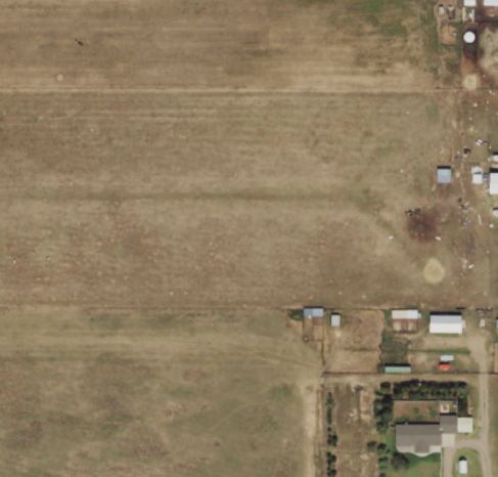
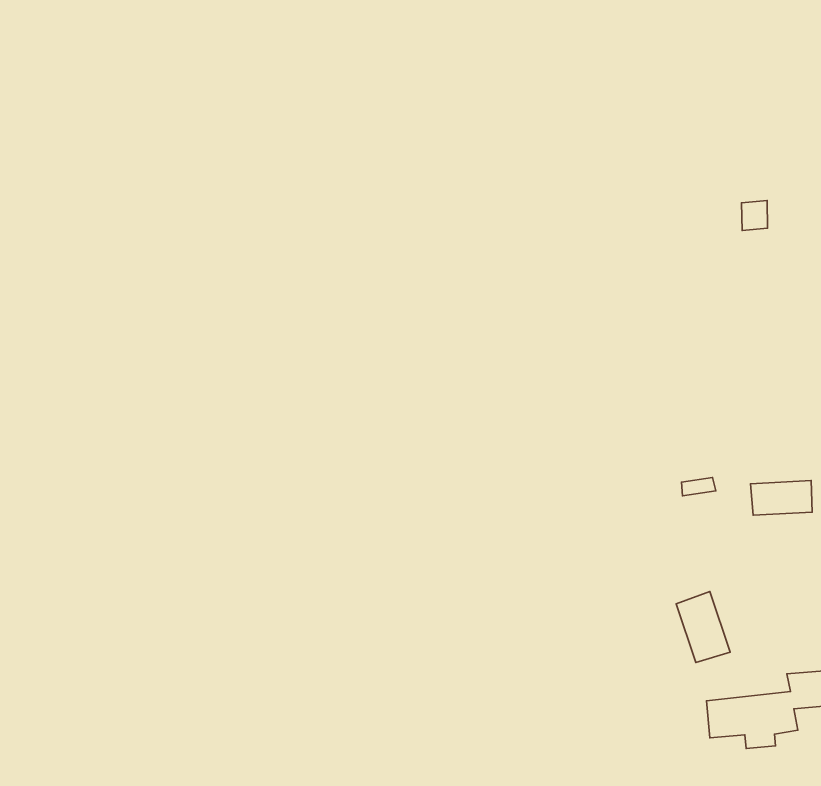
building: none -> [676,591,730,663]

